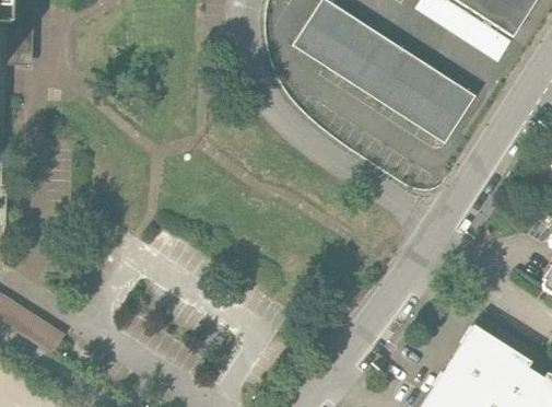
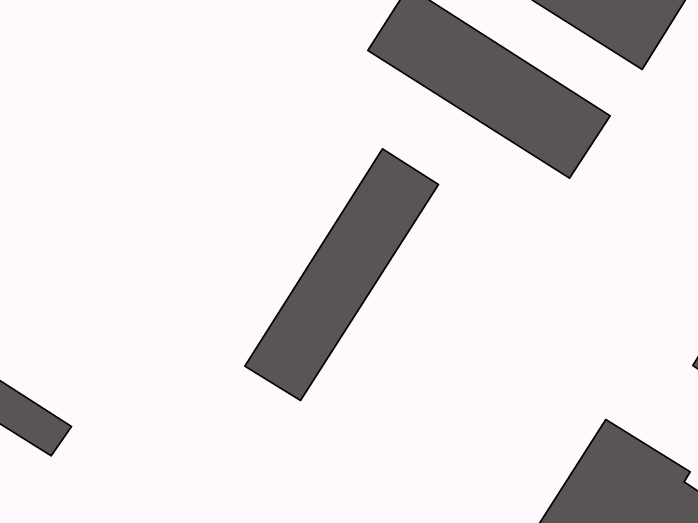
building: none -> [245,149,438,400]

